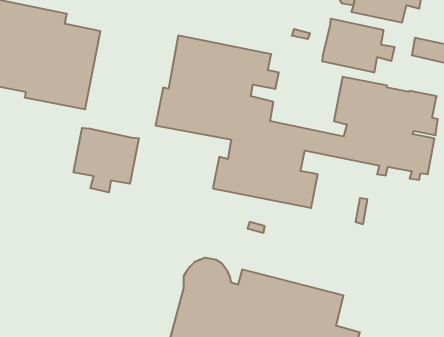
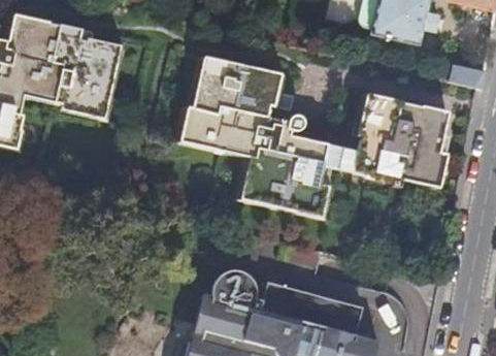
building: [322,19,395,73] -> none
building: [74,128,139,192] -> none

